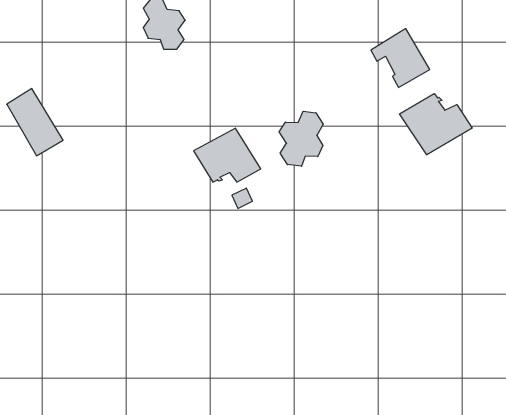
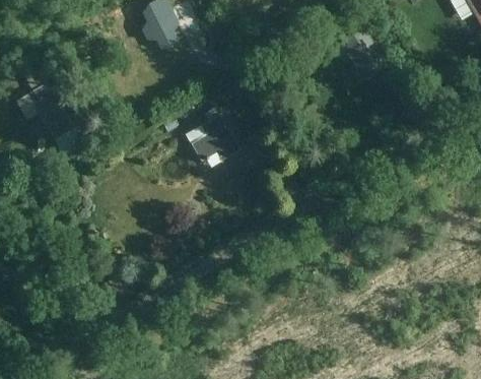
building: [399,94,472,155] -> none
building: [279,111,323,166] -> none

